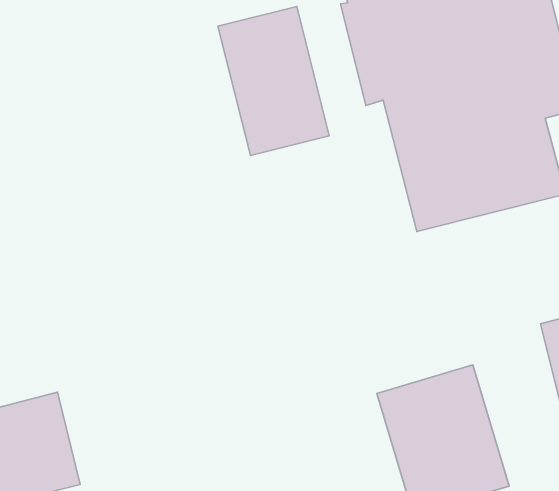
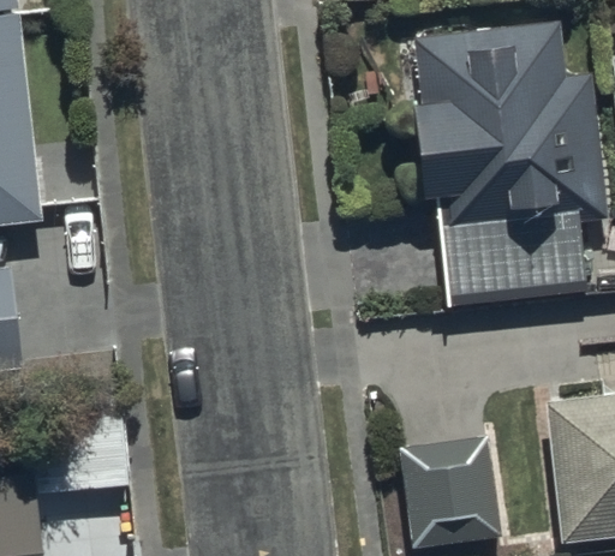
building: [218,7,329,156] -> none

